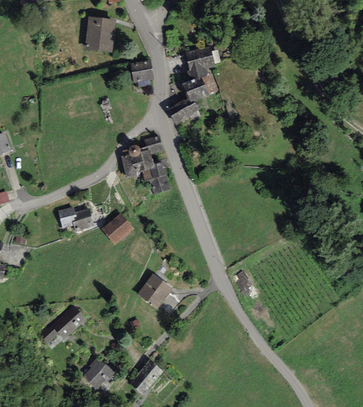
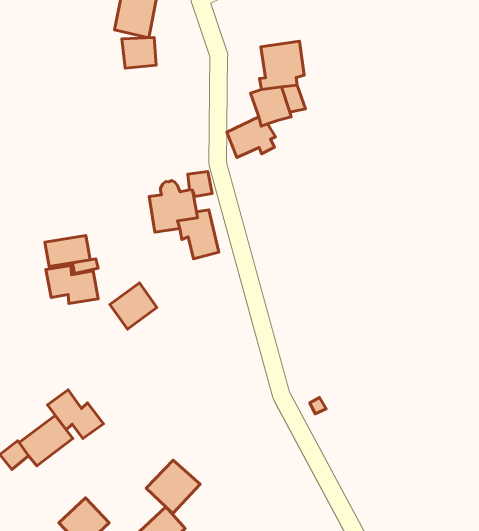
building: [130,60,154,82] -> [122,37,156,68]
building: none -> [45,235,90,267]
building: [137,274,172,309] -> [146,460,200,514]
building: none -> [47,390,103,439]

